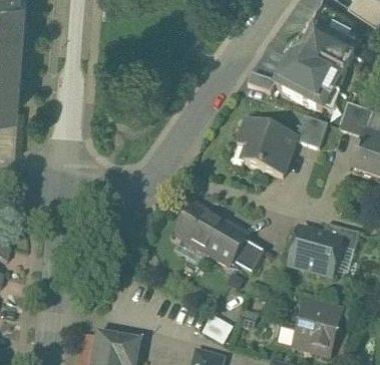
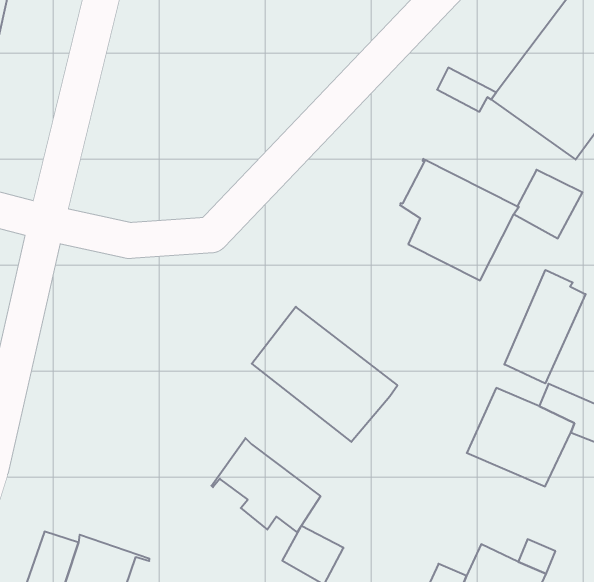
building: none -> [504,270,586,383]
building: [234,240,264,271] -> none
building: none -> [211,438,320,532]

